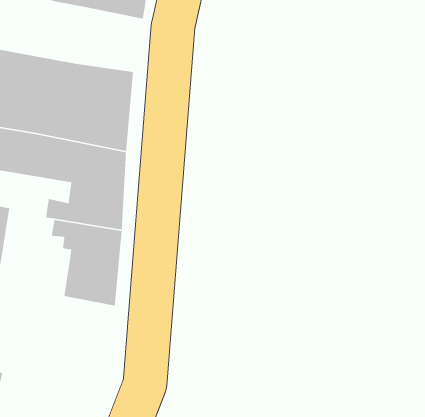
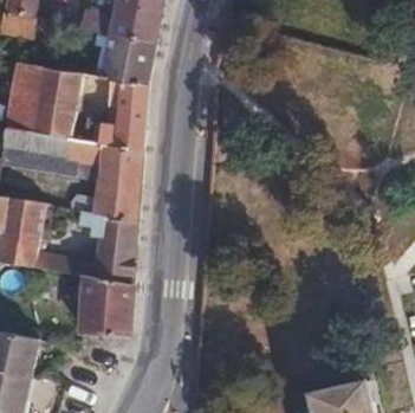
building: none -> [99,34,156,88]
building: none -> [78,276,132,335]

